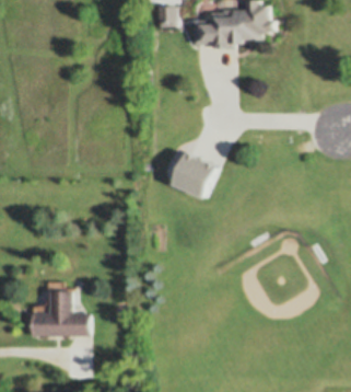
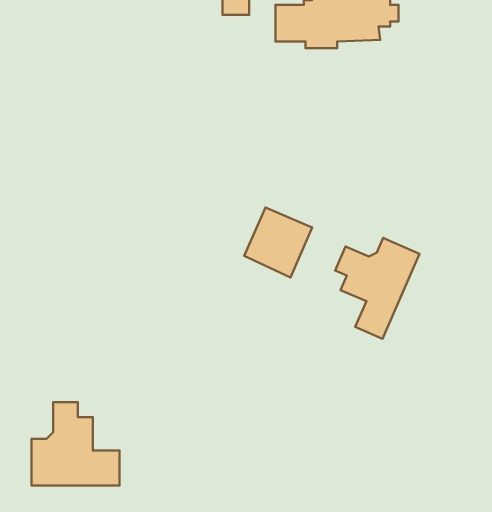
building: none -> [335,238,419,339]

